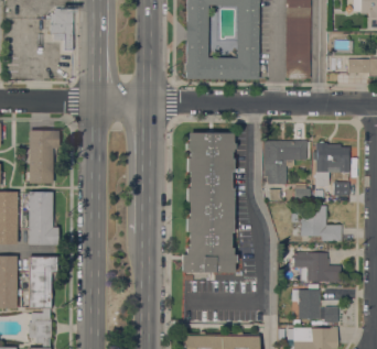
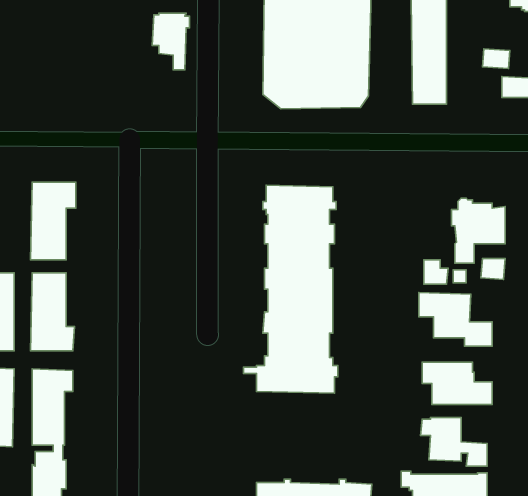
building: [51,12,76,51] -> [152,13,190,70]
building: [265,140,308,184] -> none

